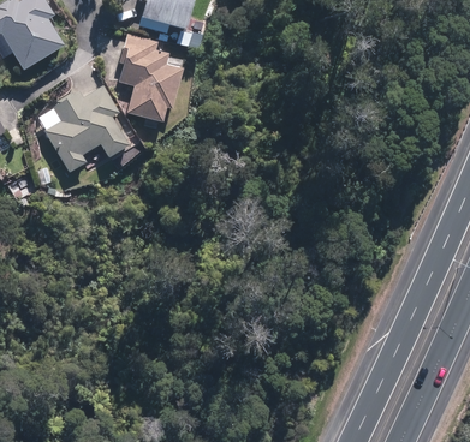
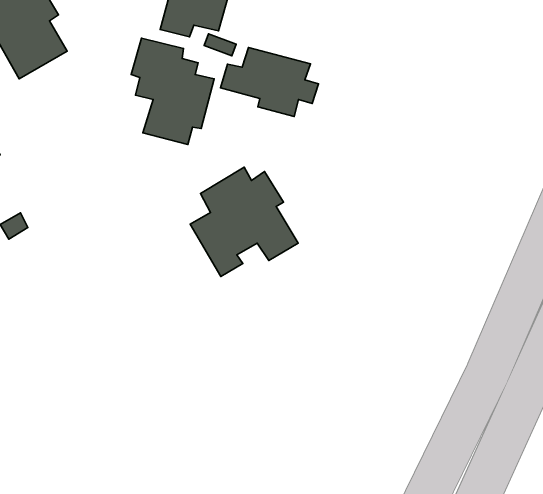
building: none -> [220,47,318,116]
building: [42,84,131,174] -> [190,167,298,277]

